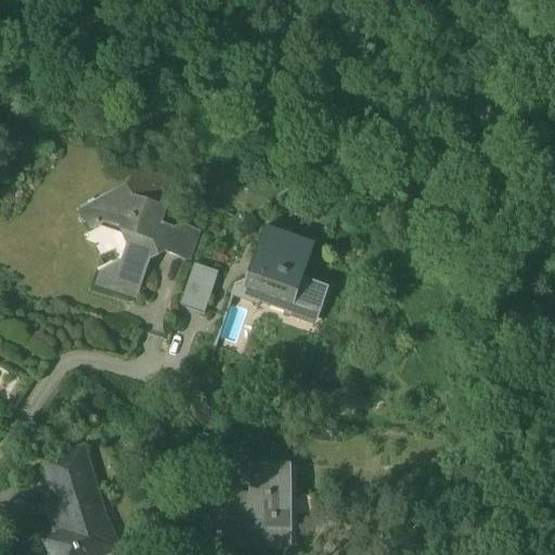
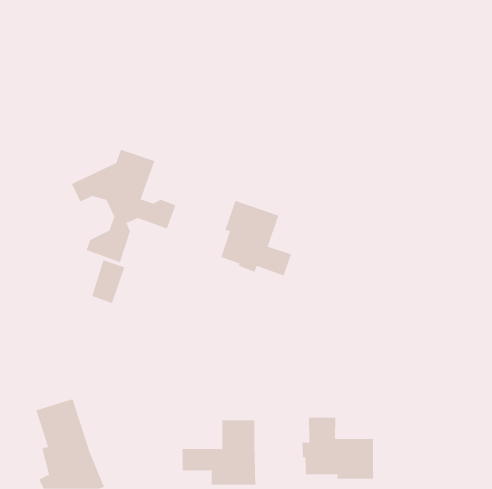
building: [180,262,218,312] -> [91,259,125,304]
building: none -> [302,417,373,480]

